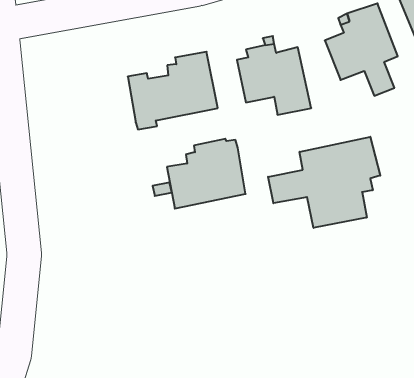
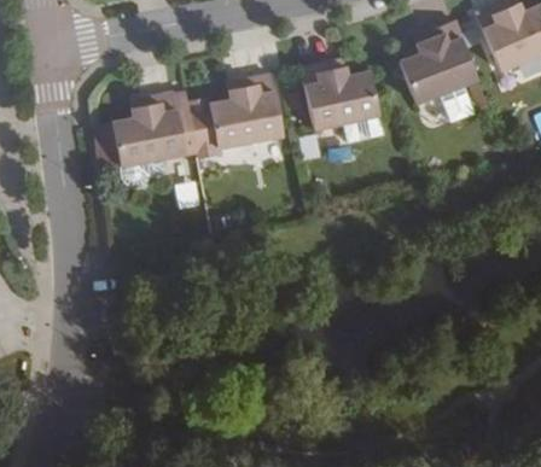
building: [268,137,380,228] -> none
building: [167,139,246,209] -> [111,92,196,167]

